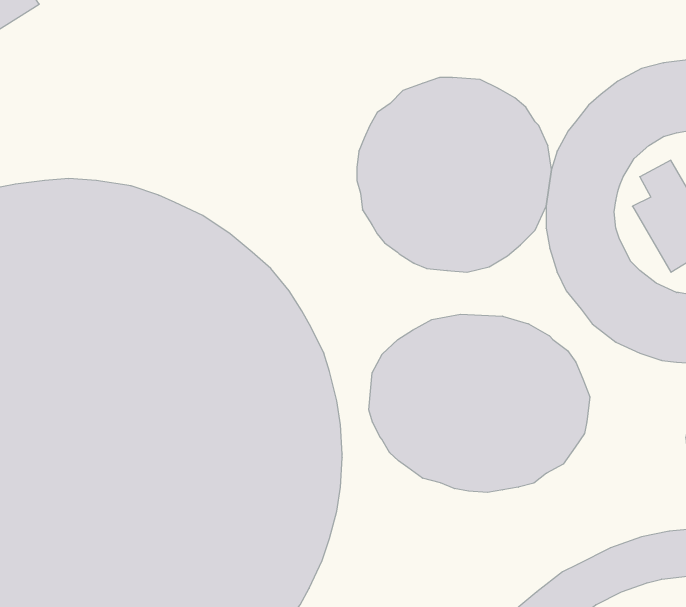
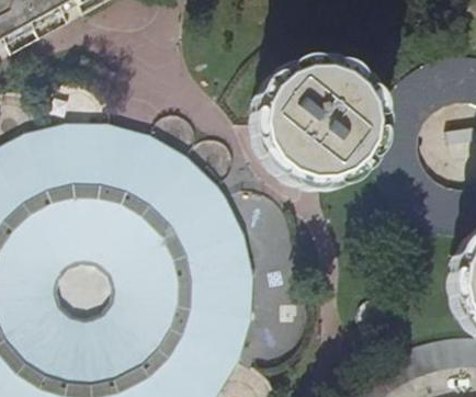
building: [369,314,590,492] -> none

